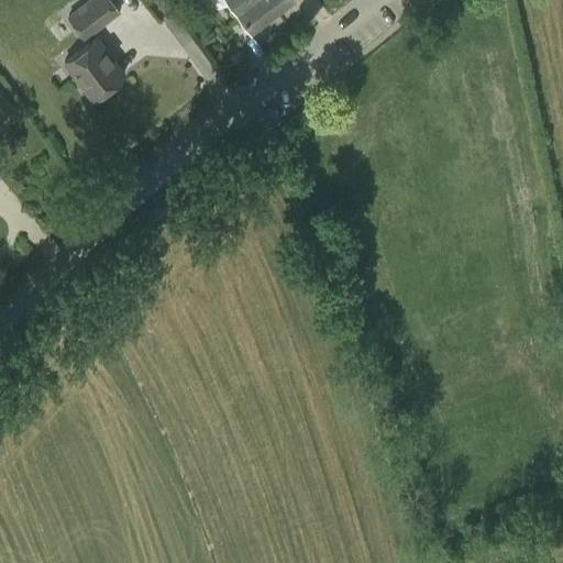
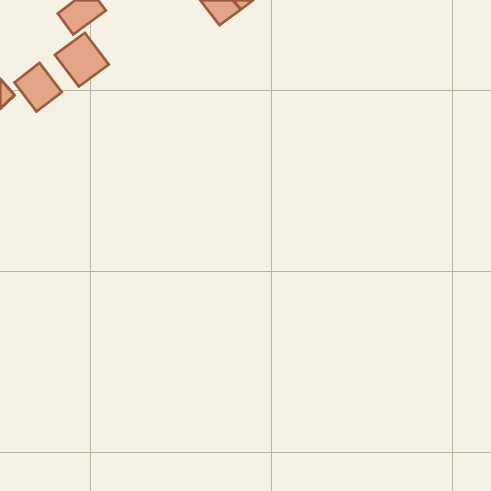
building: none -> [15,63,62,112]

